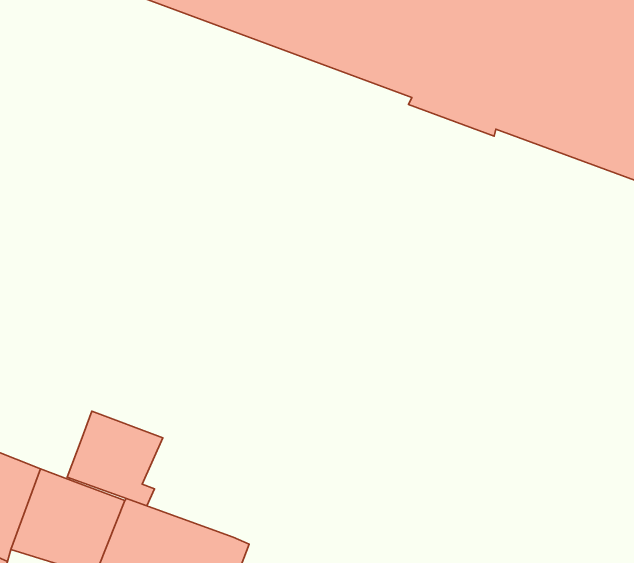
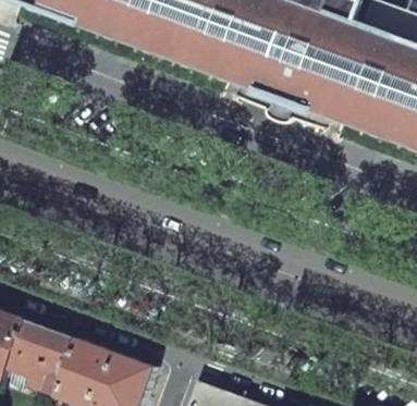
building: [67,411,163,506] -> none

